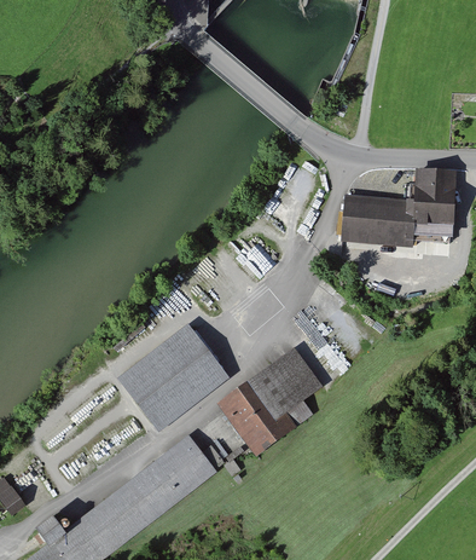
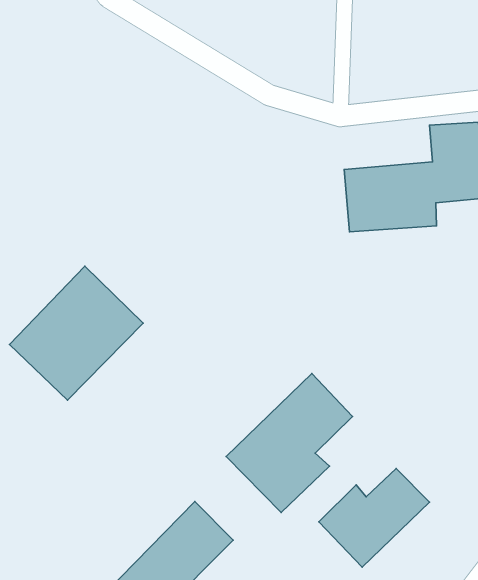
building: [120,327,227,429] -> [9,266,143,400]
building: none -> [319,468,429,567]

